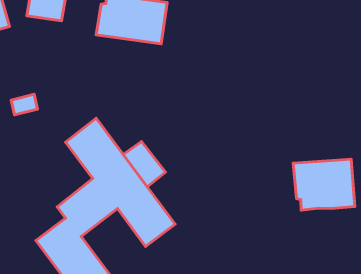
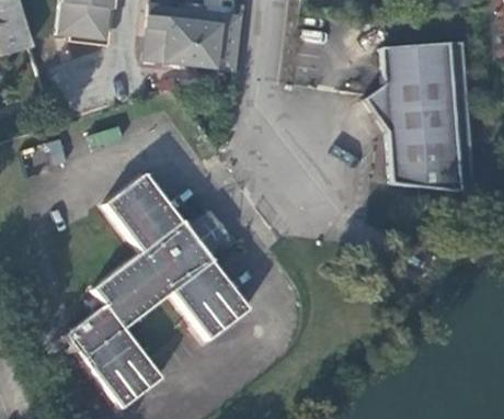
building: none -> [364,43,474,193]
building: [293,159,355,210] -> none

